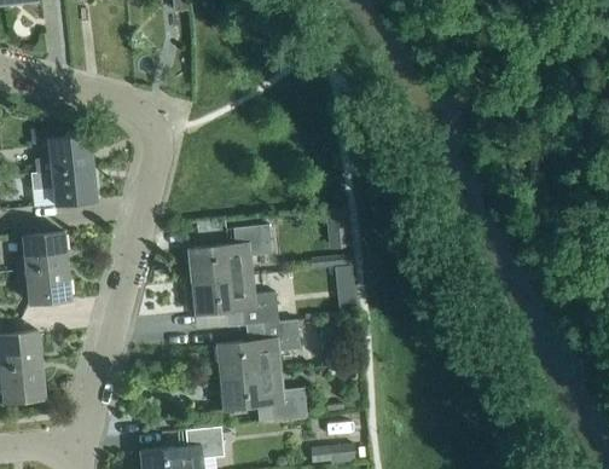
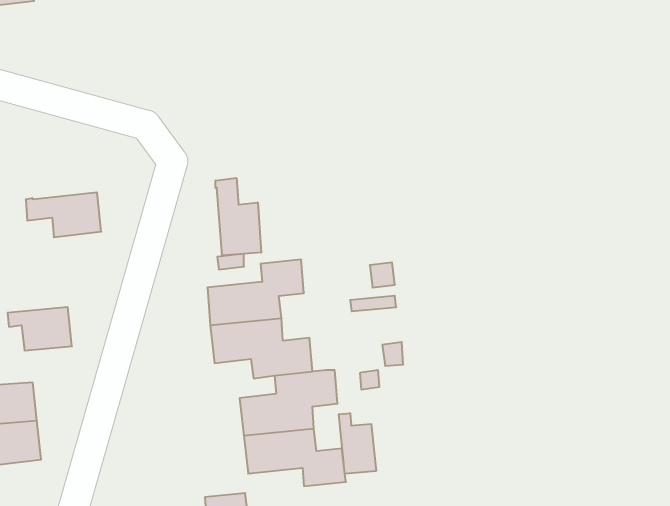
building: [36,134,93,173] -> none
building: none -> [216,178,261,256]
building: [14,232,68,271] -> none
building: none -> [339,413,376,474]

